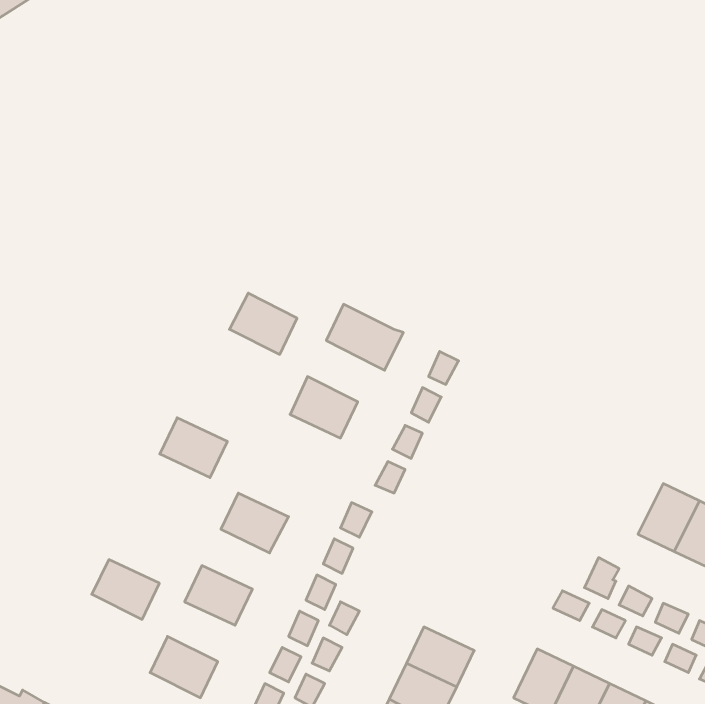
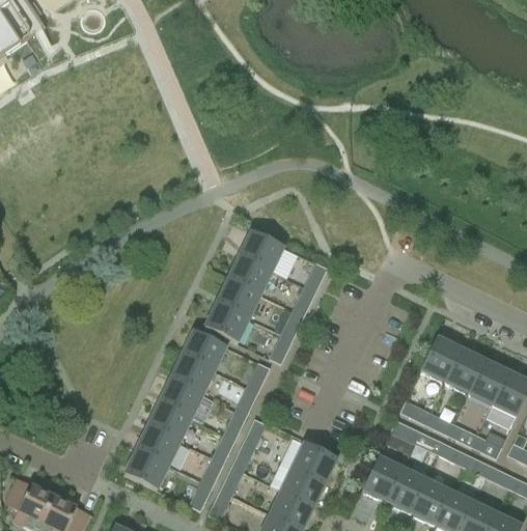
building: [229,293,297,354] -> [227,254,272,295]
building: none -> [204,303,249,342]
building: [160,418,227,478] -> [182,331,226,370]
building: none -> [421,337,462,382]
building: none -> [158,379,202,418]
building: [92,560,159,619] -> [135,426,179,466]

